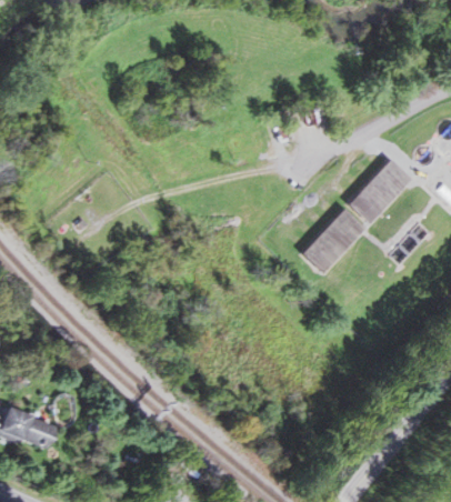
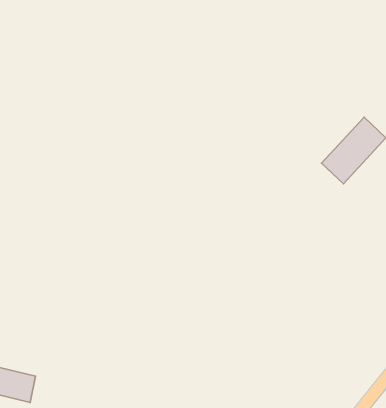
building: [303,208,368,274] -> none

